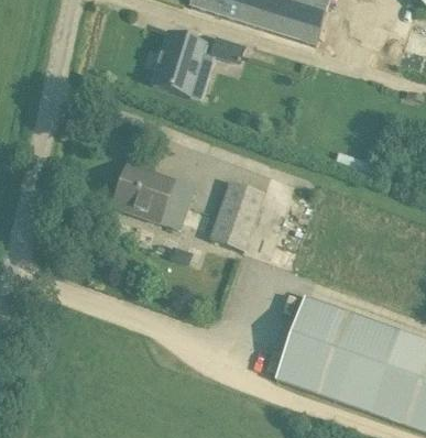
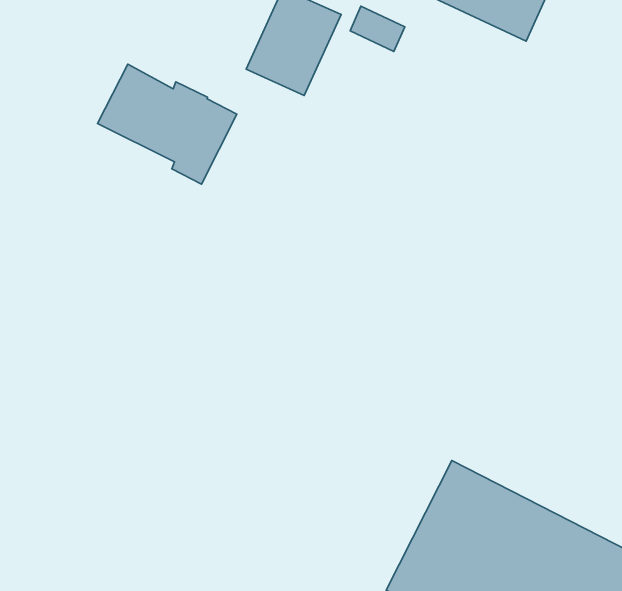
building: [113,164,195,229] -> [98,64,237,184]
building: [209,180,262,251] -> none

